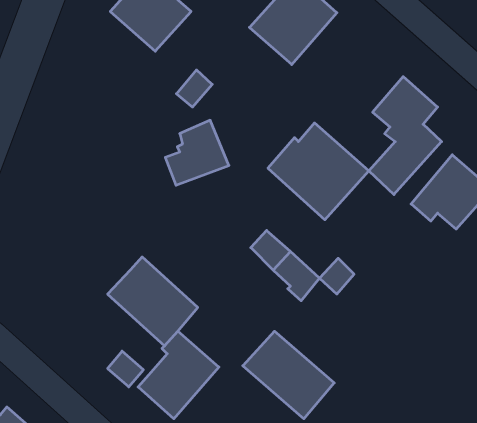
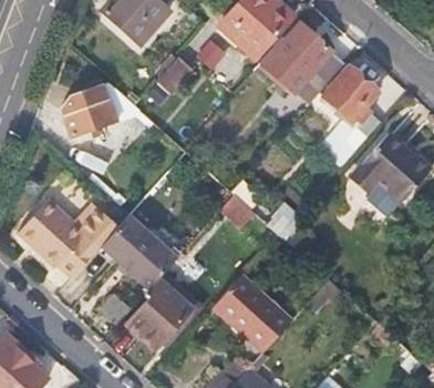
building: [165,120,229,185] -> [66,85,120,140]
building: [268,123,369,220] -> [261,22,345,103]
building: none -> [18,201,121,277]

